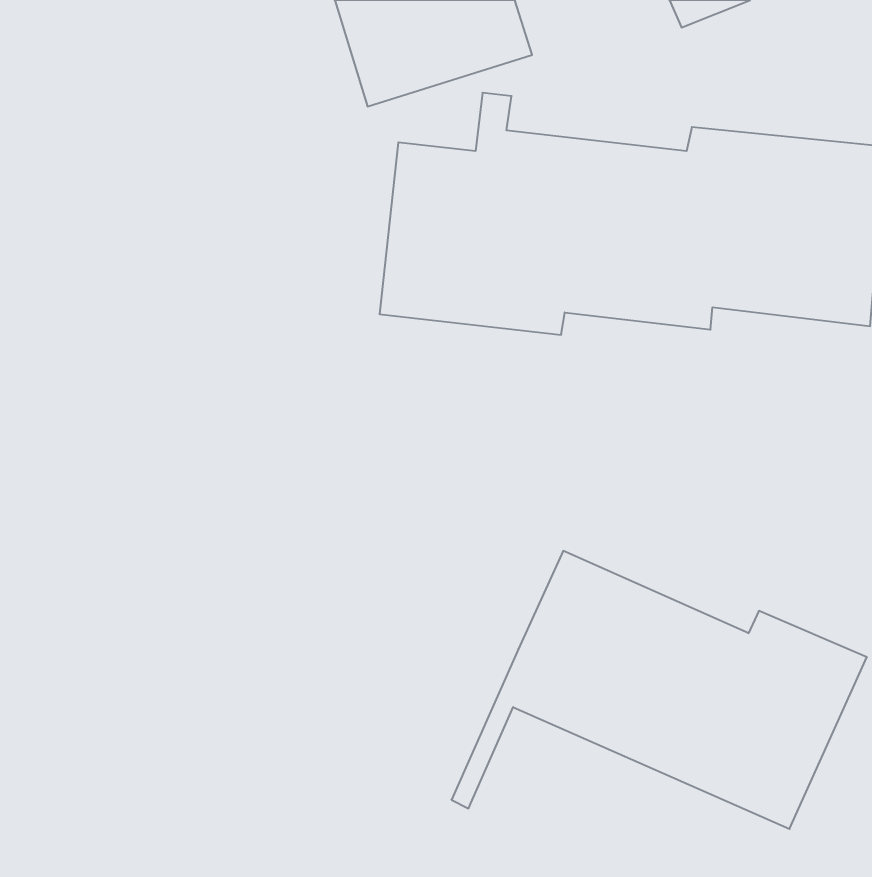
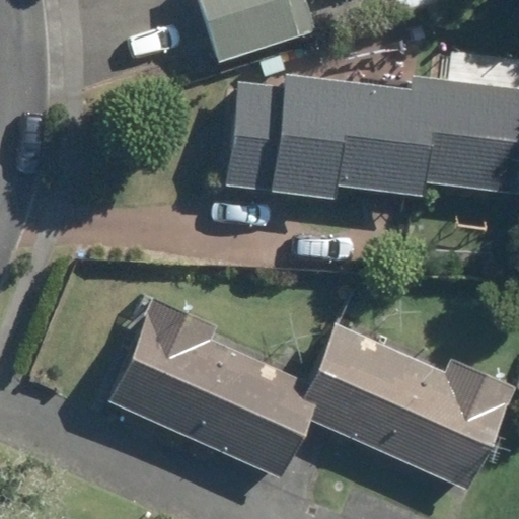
building: none -> [109,297,309,472]

